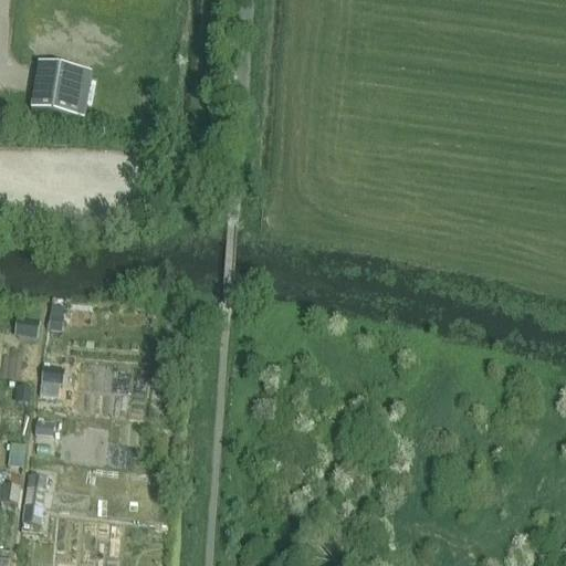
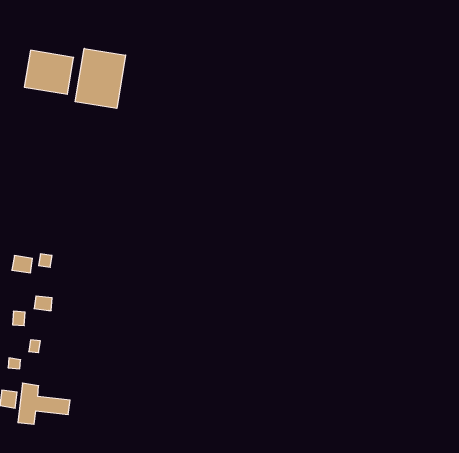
building: none -> [75,48,126,108]

